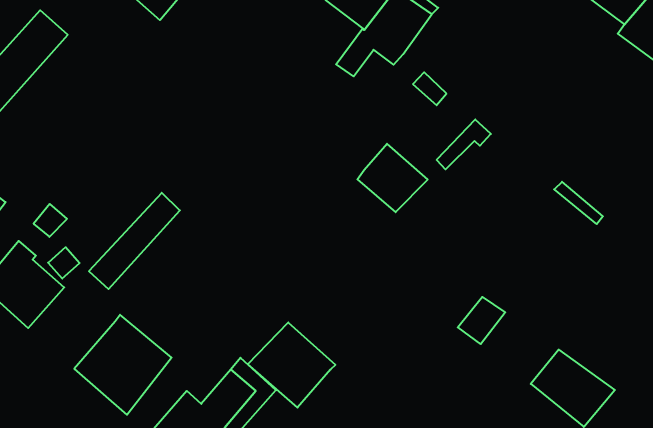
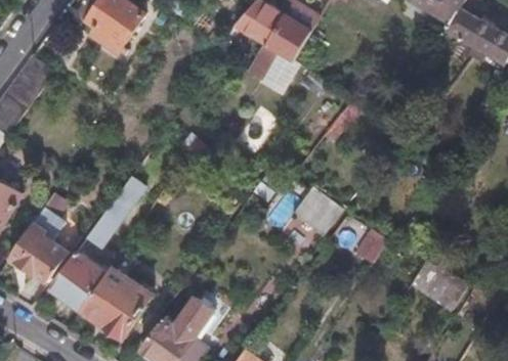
building: [357,144,428,212] -> [293,186,343,234]
building: none -> [49,250,108,308]
building: [248,322,335,408] -> none

